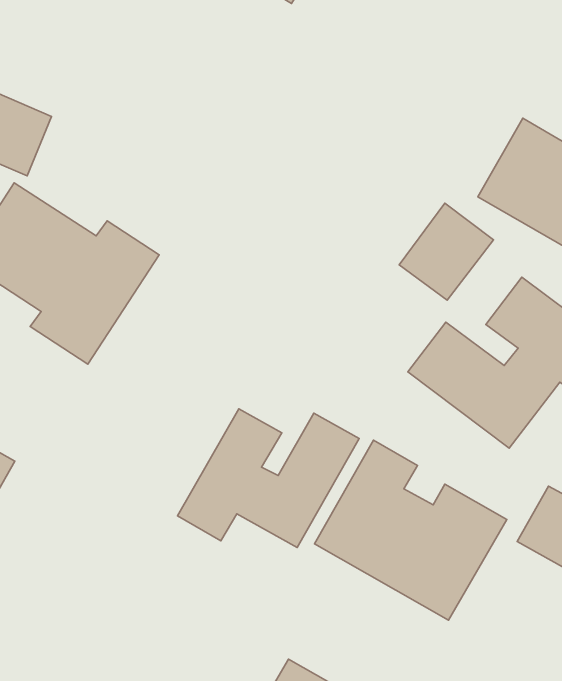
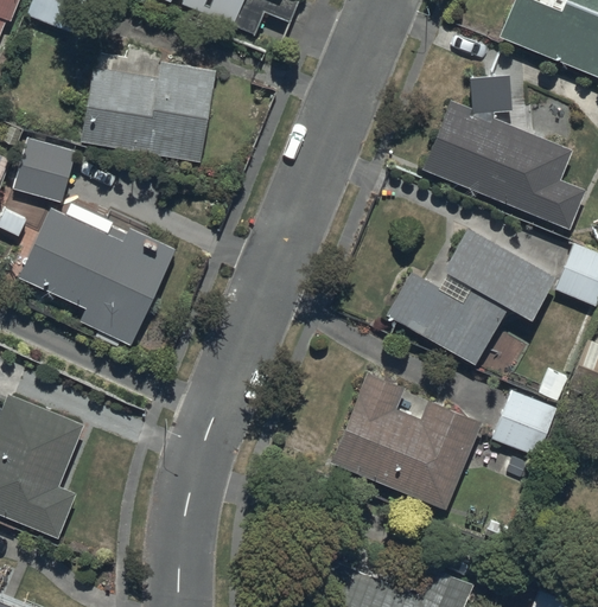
building: none -> [81,60,216,161]
building: [399,203,494,300] -> none
building: [177,409,359,547] -> none

